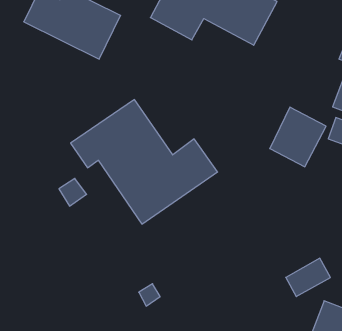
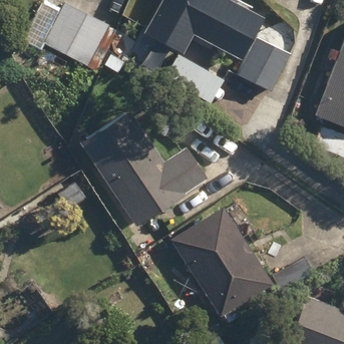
building: [270,107,326,167] -> [238,35,291,91]
building: none -> [170,207,274,318]

